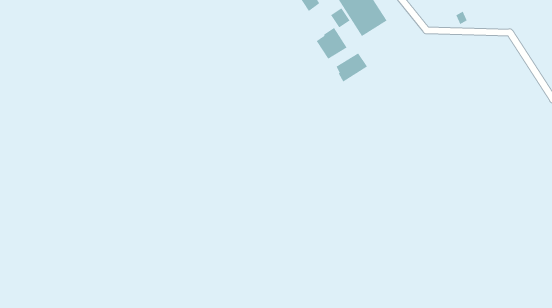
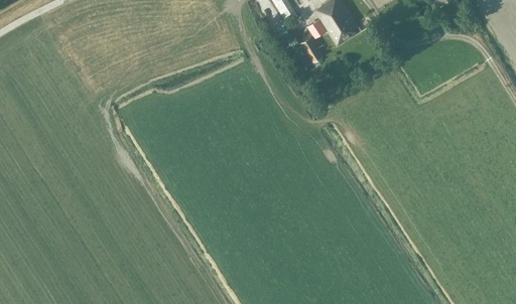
building: [336,52,368,83] -> none

